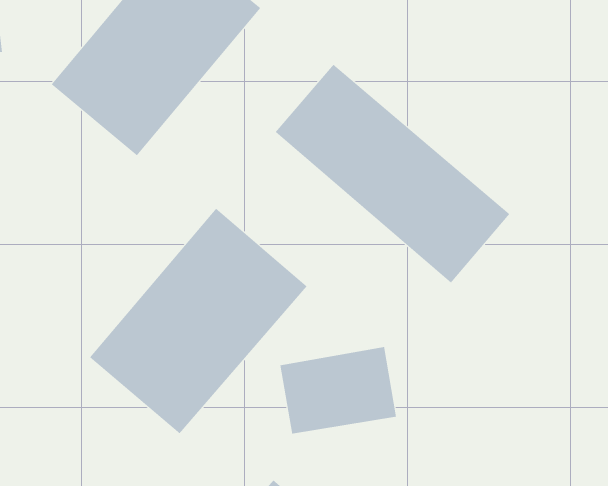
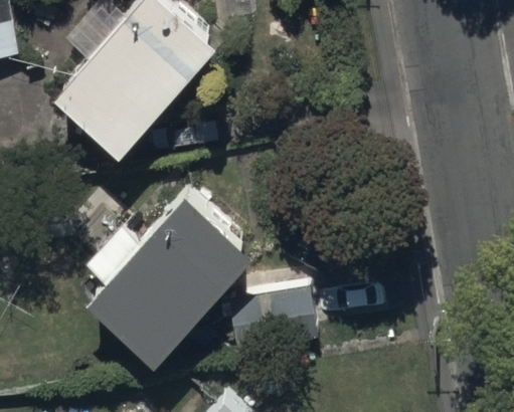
building: [275,64,510,283] -> none

